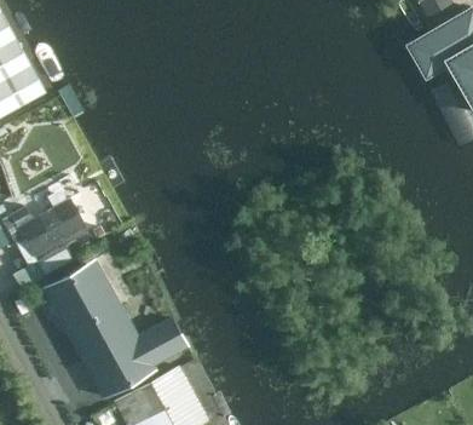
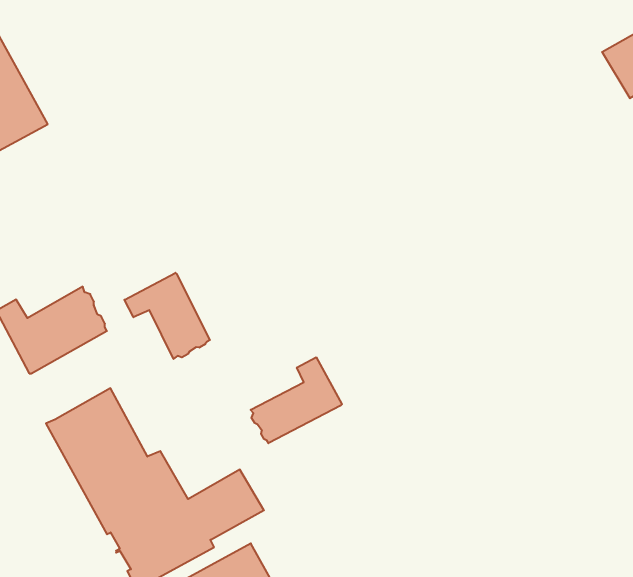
building: none -> [124,273,210,359]
building: none -> [251,357,342,443]

